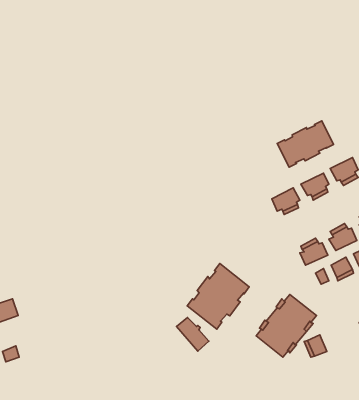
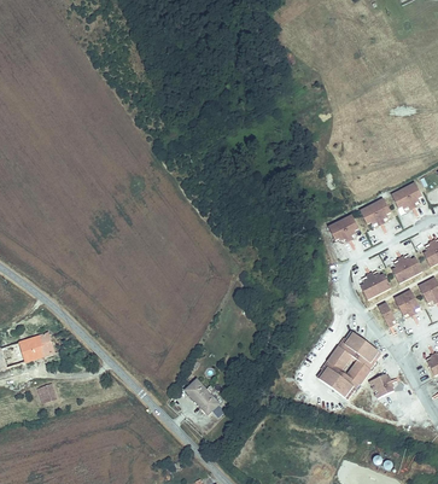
building: [277,121,334,167] -> none
building: [187,264,249,329] -> none
building: [176,317,209,351] -> [185,379,220,415]

